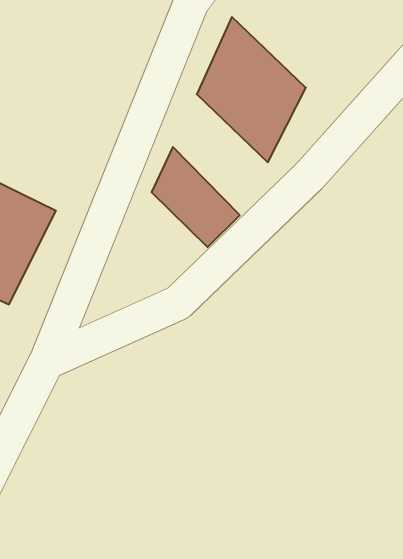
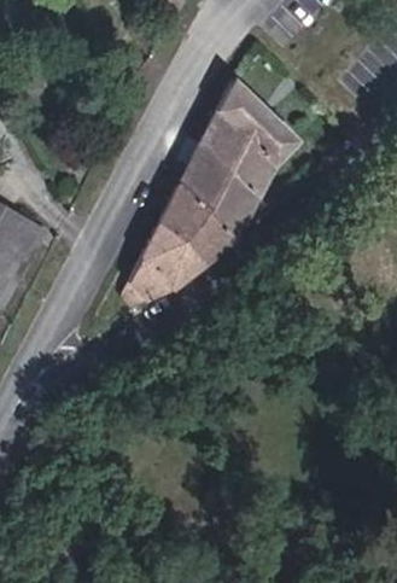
building: none -> [170,141,250,246]
building: none -> [115,222,194,314]

